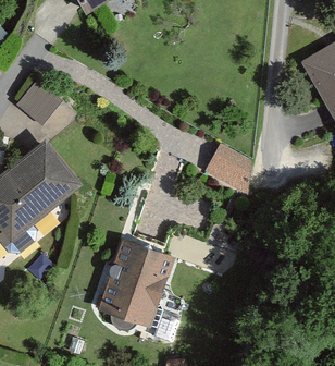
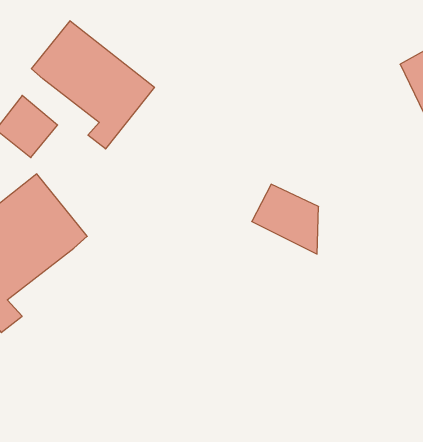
building: none -> [31,21,154,149]
building: [107,239,171,321] -> none

